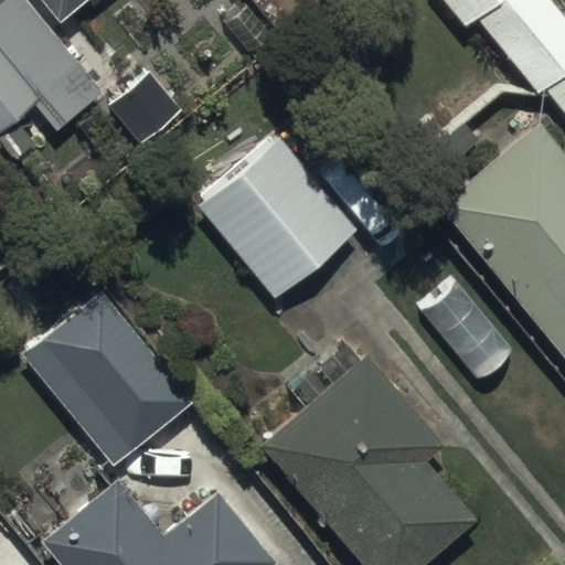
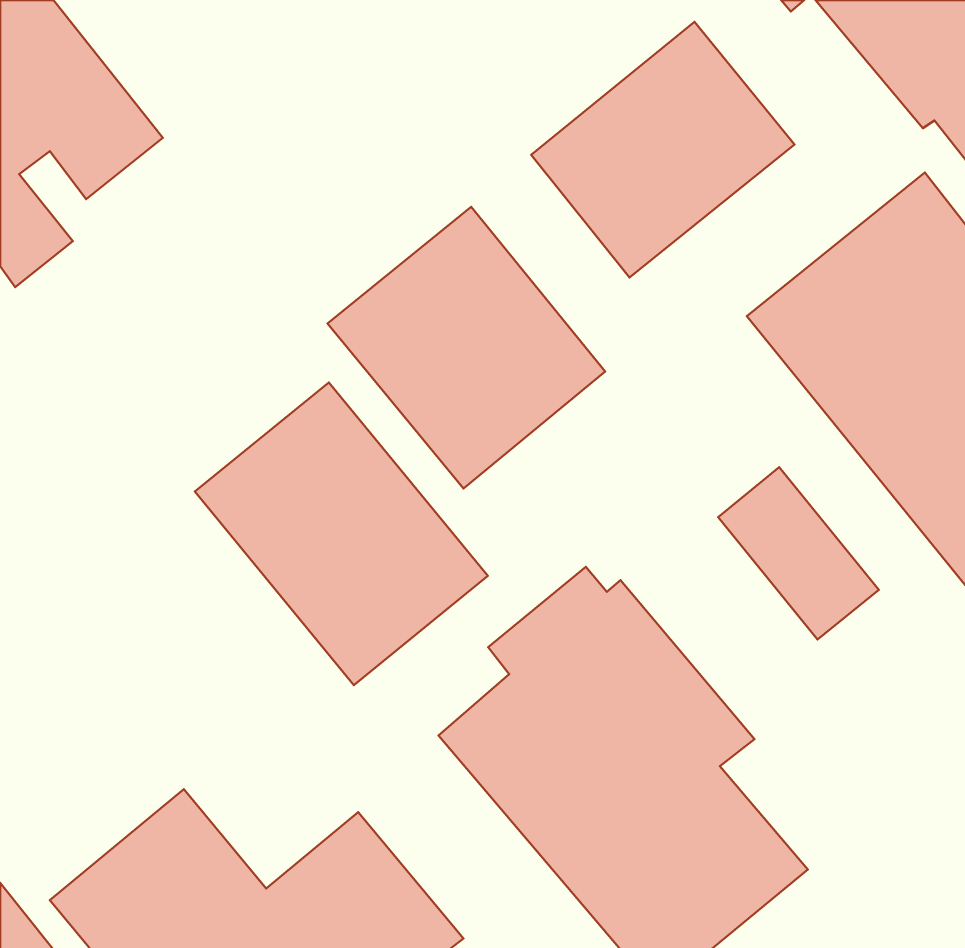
building: none -> [531,22,795,277]
building: [23,290,192,465] -> [195,382,488,685]

